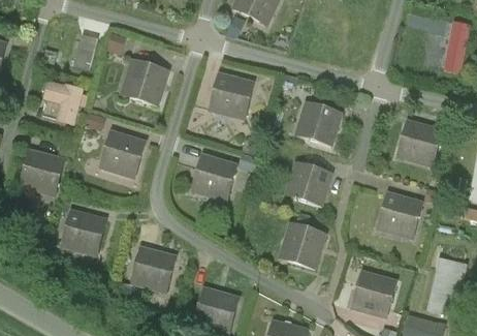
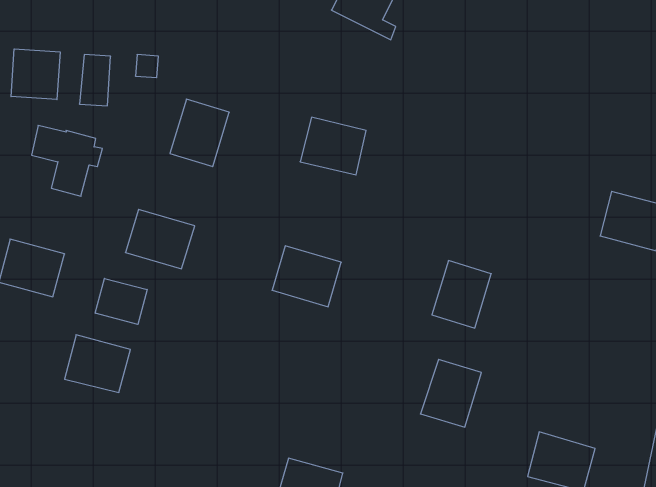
building: none -> [11,49,60,100]
building: [304,104,342,147] -> none
building: none -> [95,278,147,324]
building: [380,193,422,231] -> none
building: [133,248,176,284] -> none

